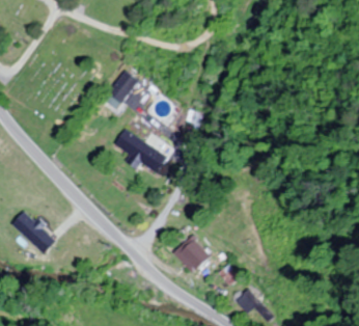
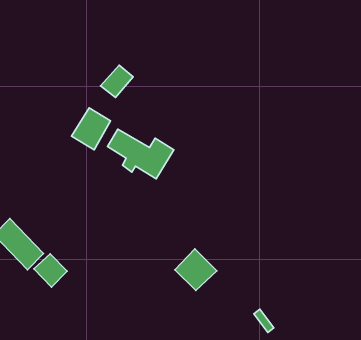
building: none -> [71,108,111,150]
building: none -> [34,254,67,287]

